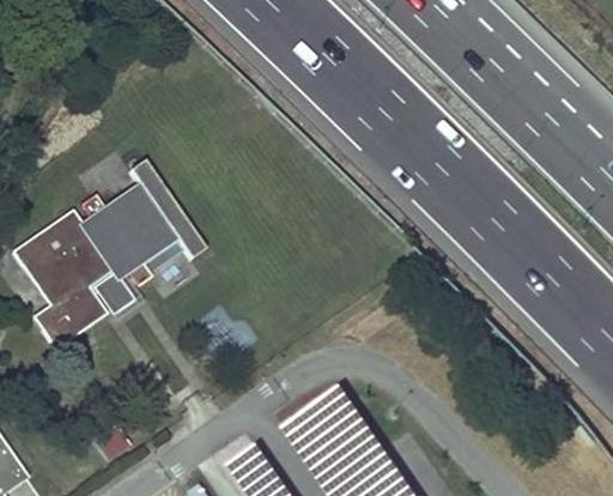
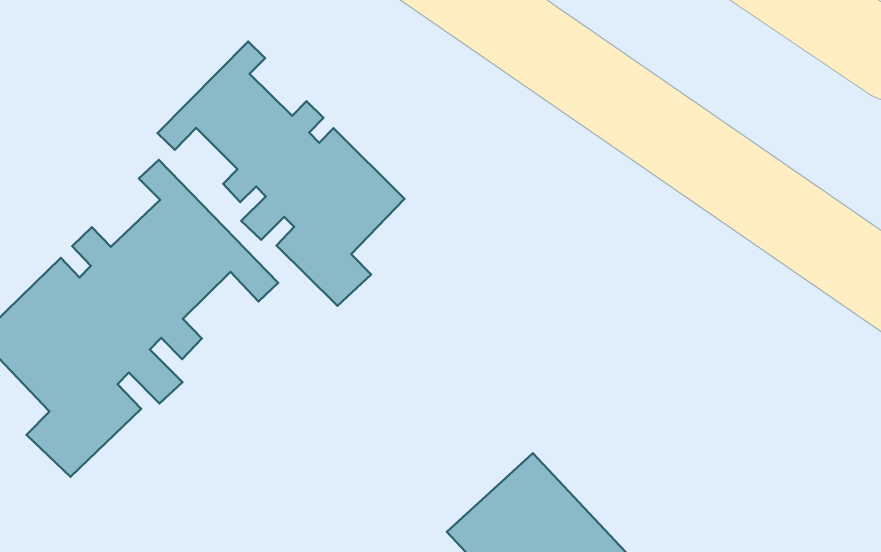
building: none -> [158,41,405,306]

